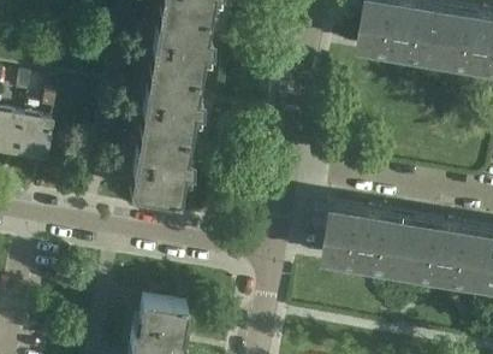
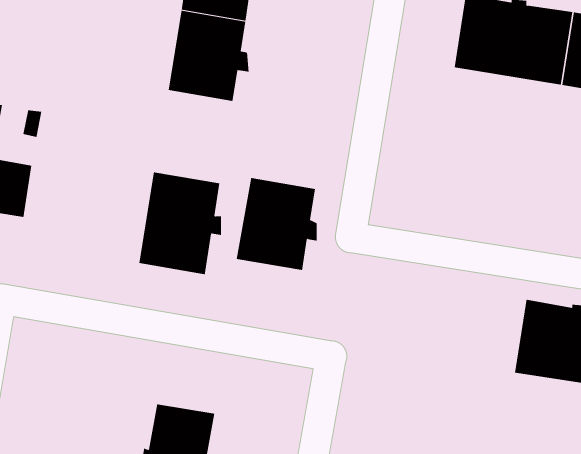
building: [141,71,201,140] -> [236,177,317,271]
building: [326,212,415,279] -> none

